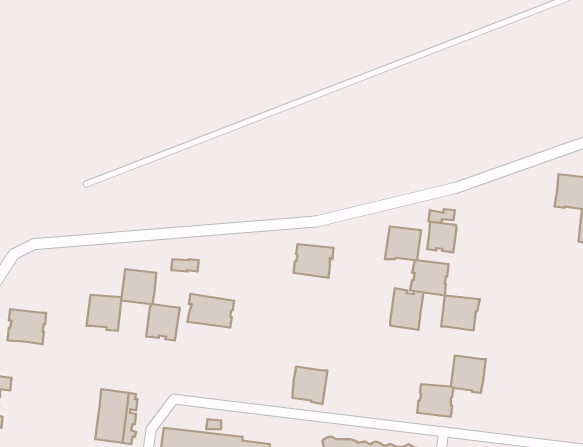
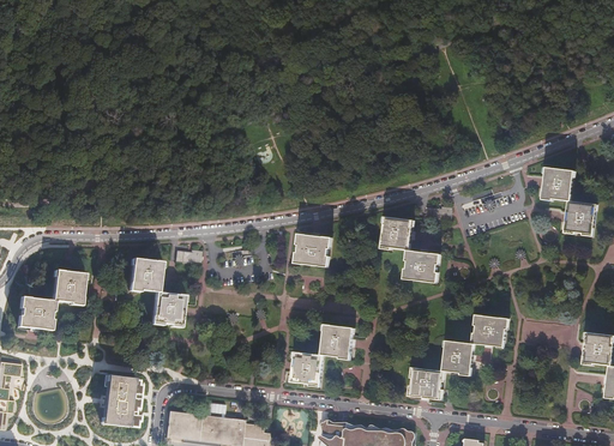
building: [427,222,456,253] -> none
building: [390,288,423,330] -> none
building: [188,294,234,328] -> none
building: [87,295,122,331] -> [50,271,84,306]
building: [441,295,480,330] -> [472,315,510,349]
building: none -> [319,326,351,361]

